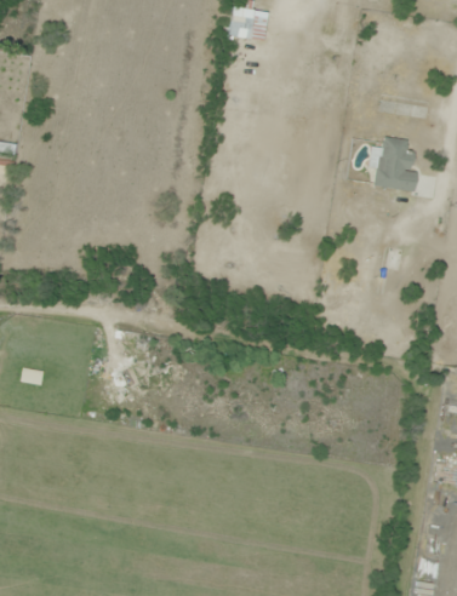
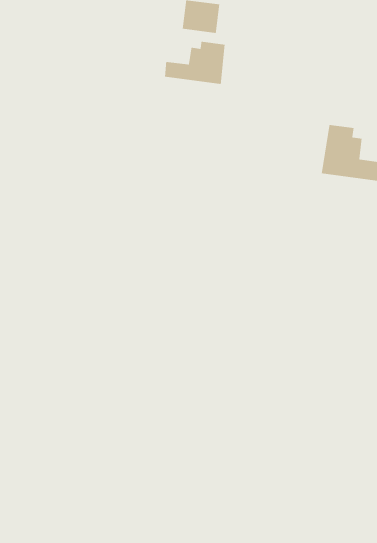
building: none -> [164,41,226,85]

